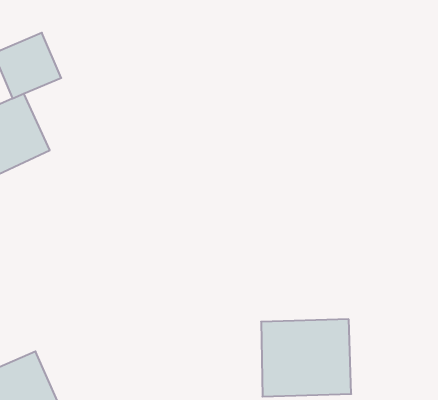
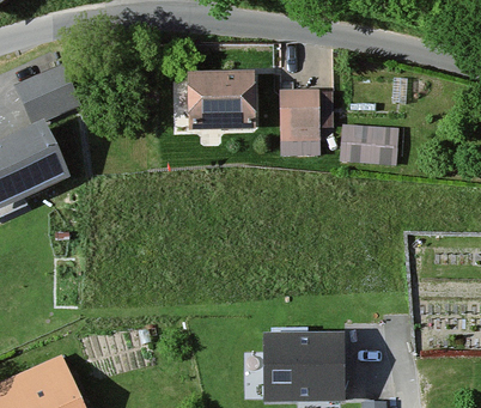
building: none -> [182,72,252,126]
building: none -> [278,89,318,139]
building: none -> [345,126,396,165]

